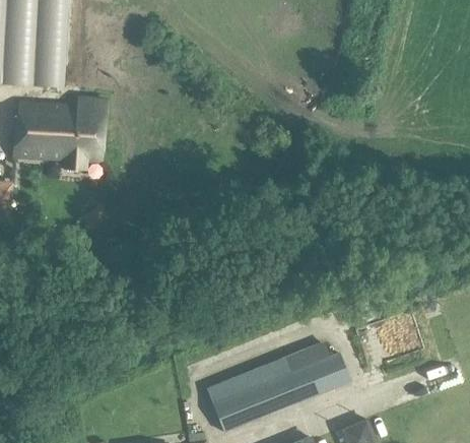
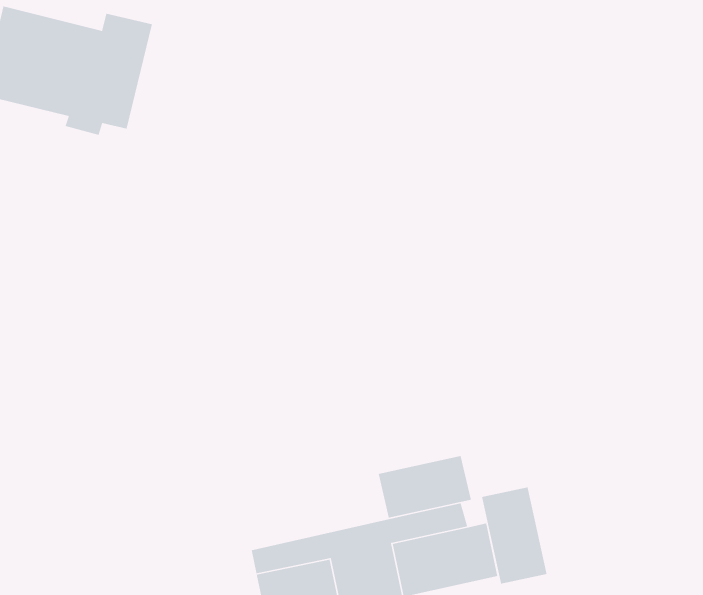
building: none -> [378,455,472,518]
building: none -> [481,486,547,585]

